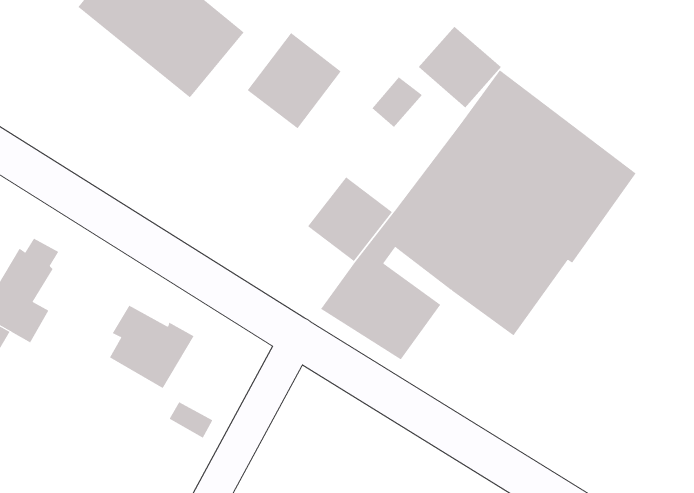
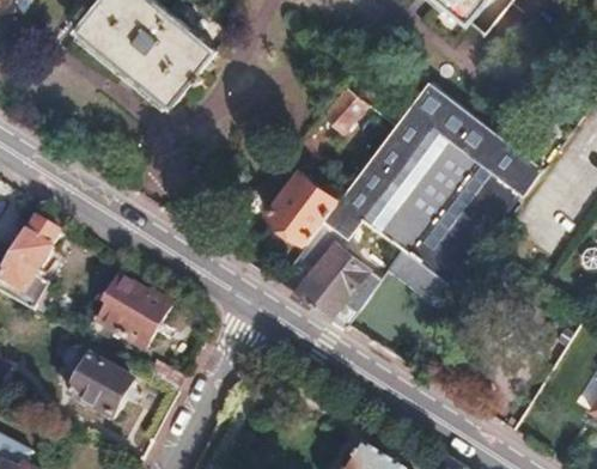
building: [418,26,502,108] -> none
building: [247,32,342,129] -> none
building: none -> [72,358,135,415]

